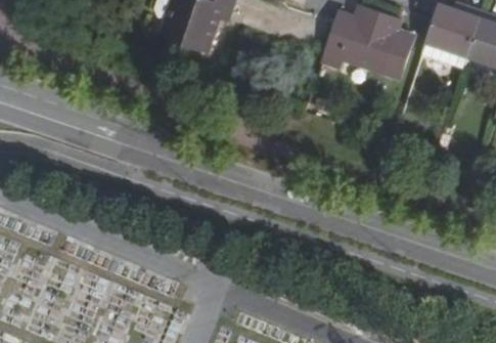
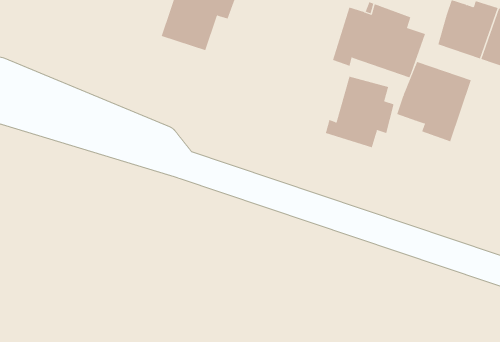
building: none -> [396,61,471,142]
building: none -> [325,76,394,148]

